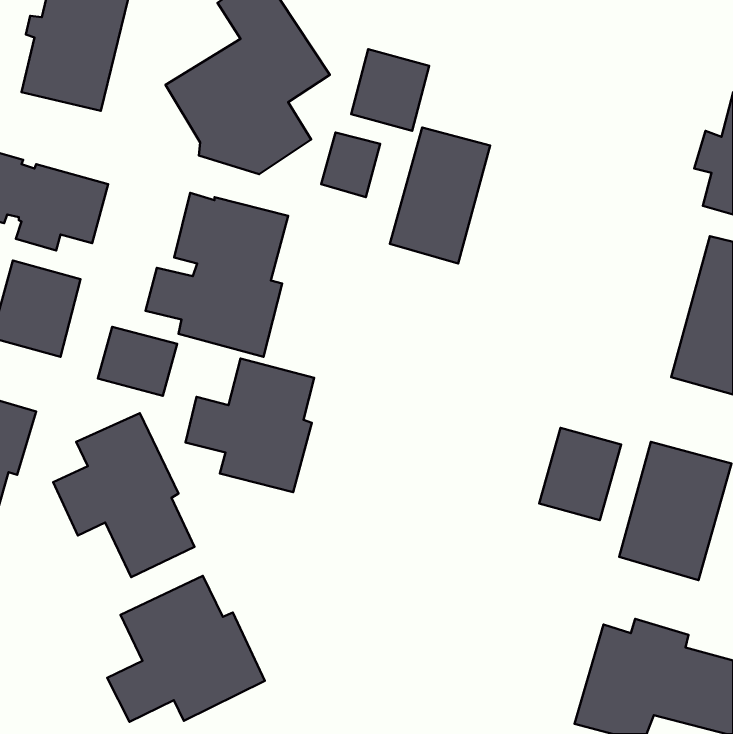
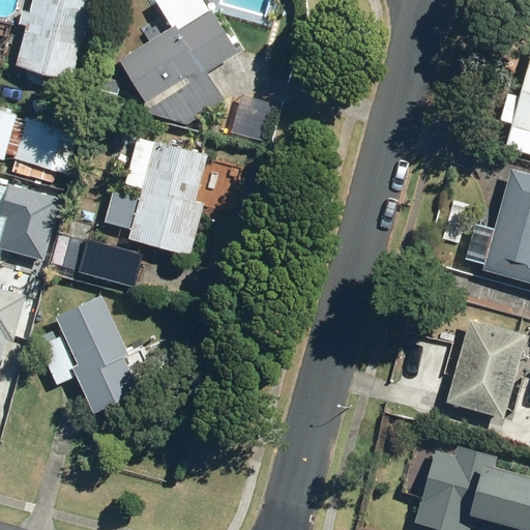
building: [351,49,429,131] -> none
building: [390,128,490,263] -> none
building: [185,358,314,492] -> none
building: [539,428,621,520] -> none
building: [107,576,265,722] -> none

